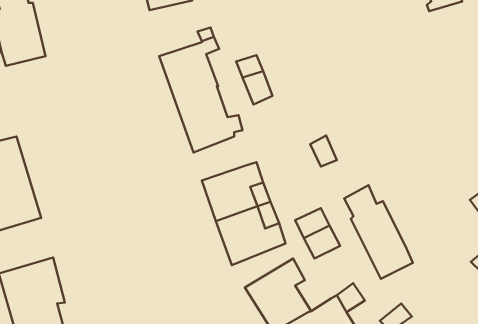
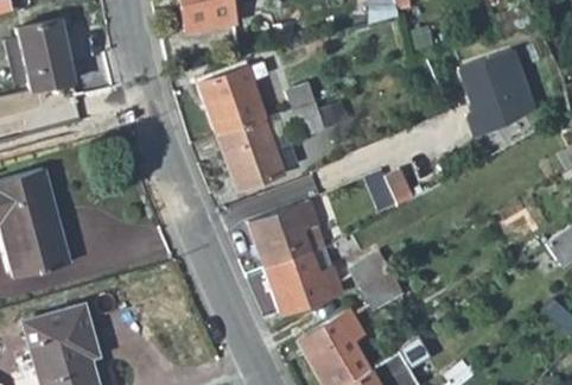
building: none -> [466,49,539,133]
building: [344,185,413,279] -> none

